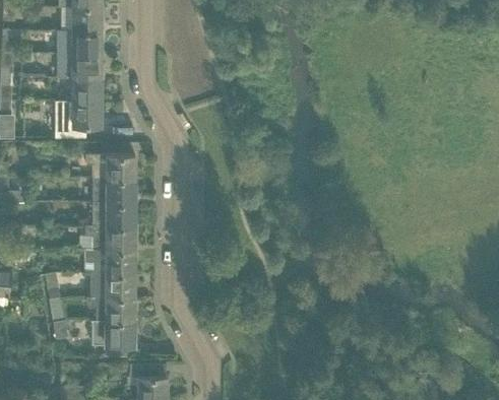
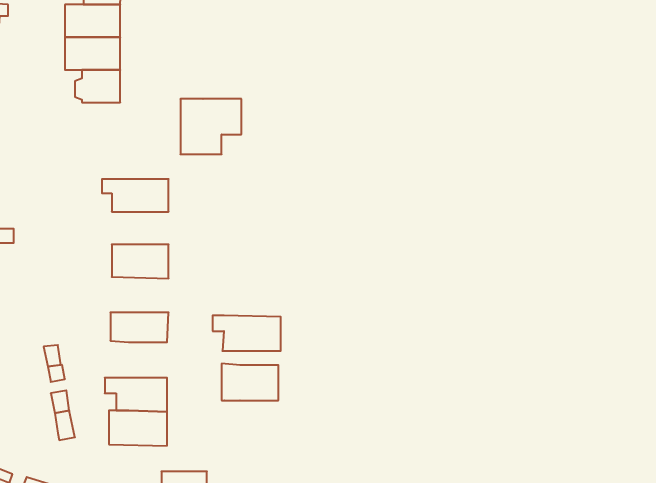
building: [57,102,101,141] -> [180,99,241,154]
building: [95,180,135,203] -> none
building: [86,226,135,252] -> [213,315,281,351]
building: [93,272,134,298] -> [222,364,278,400]

